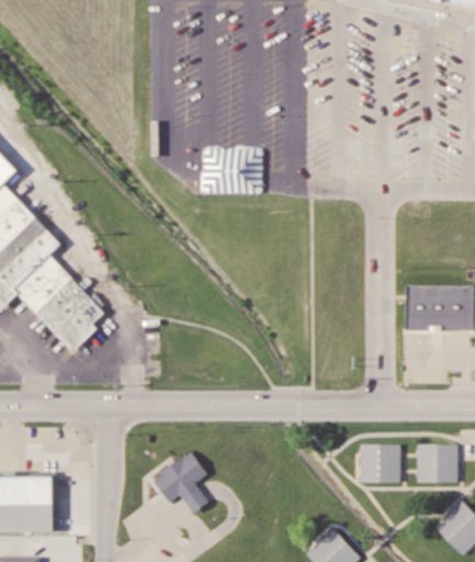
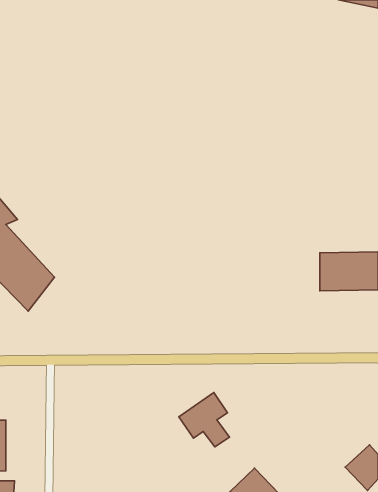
building: [361,445,400,483] -> none
building: [419,445,461,487] -> none
building: [151,452,208,514] -> [179,392,229,447]

